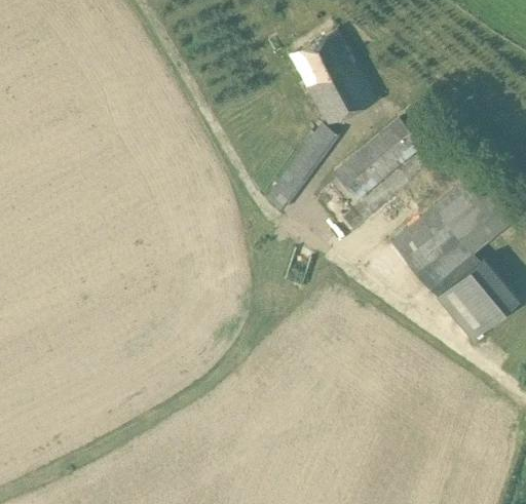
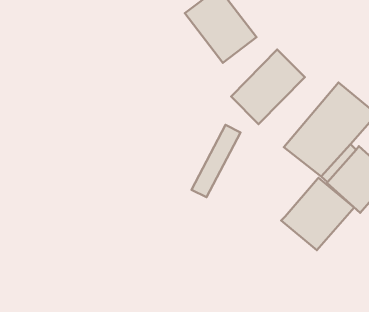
building: [266,122,339,209] -> [192,125,241,197]
building: none -> [281,178,354,250]

